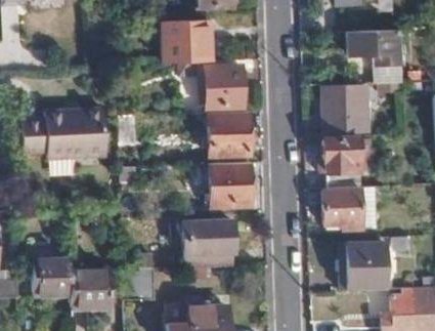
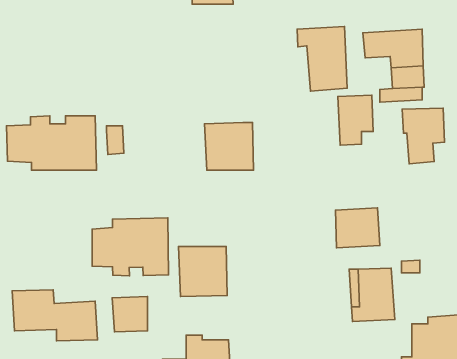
building: [162,20,211,61] -> none
building: none -> [297,26,347,91]
building: [205,67,242,113] -> none
building: [322,137,360,188] -> [402,108,444,164]
building: [209,163,253,209] -> none
building: none -> [92,218,168,276]

